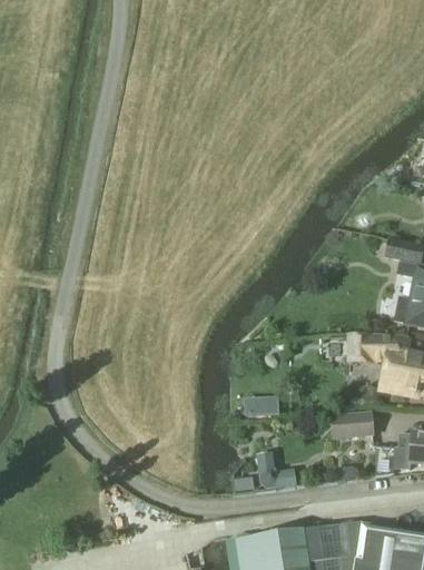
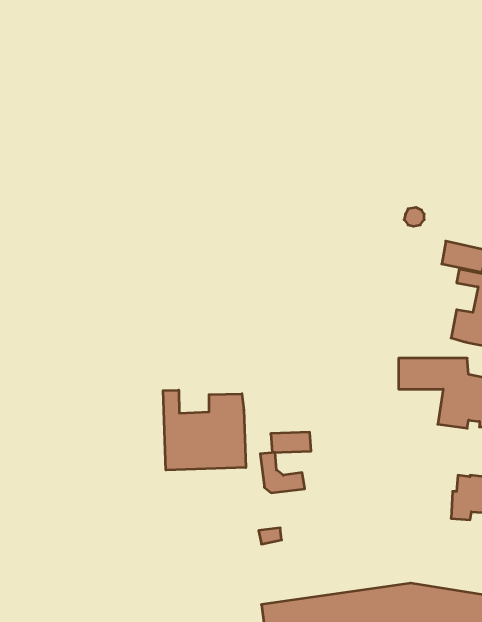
building: none -> [163,390,246,470]
building: [329,413,374,440] -> none
building: [258,453,295,487] -> [260,452,305,493]

